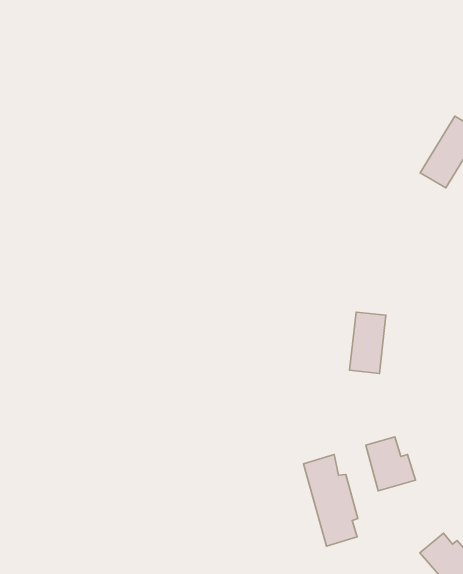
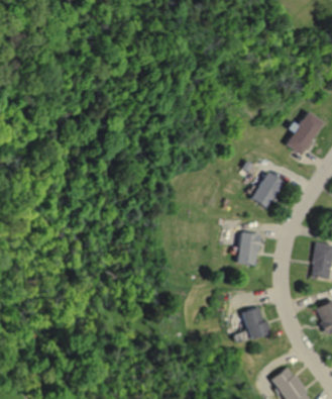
building: none -> [249,172,283,208]
building: [303,455,358,546] -> none

